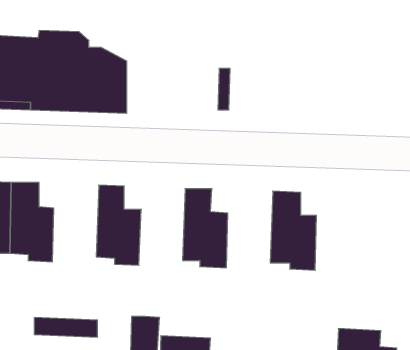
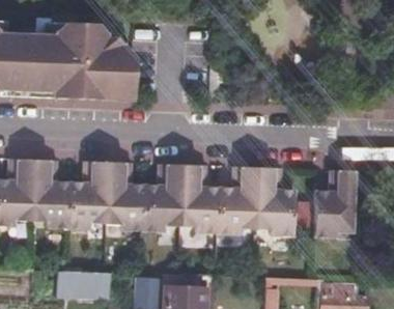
building: none -> [72,161,111,228]
building: none -> [145,164,185,230]
building: none -> [220,166,259,233]
building: none -> [317,170,358,237]

